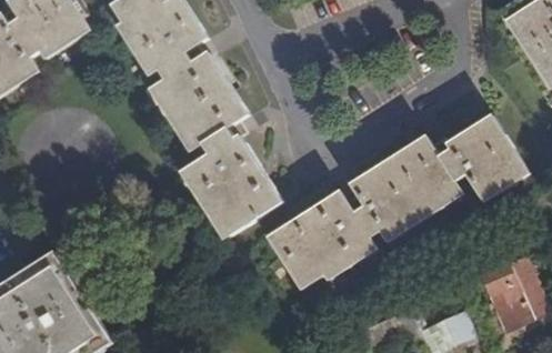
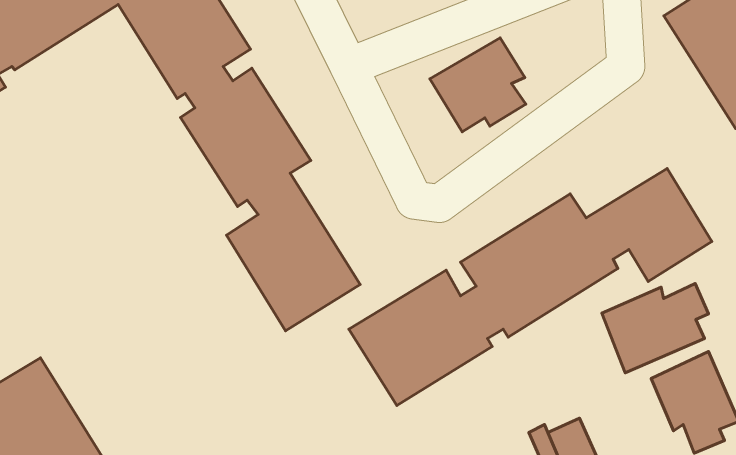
building: none -> [430,38,526,132]
building: none -> [602,284,709,373]

